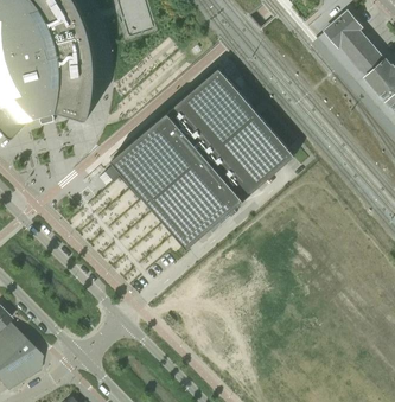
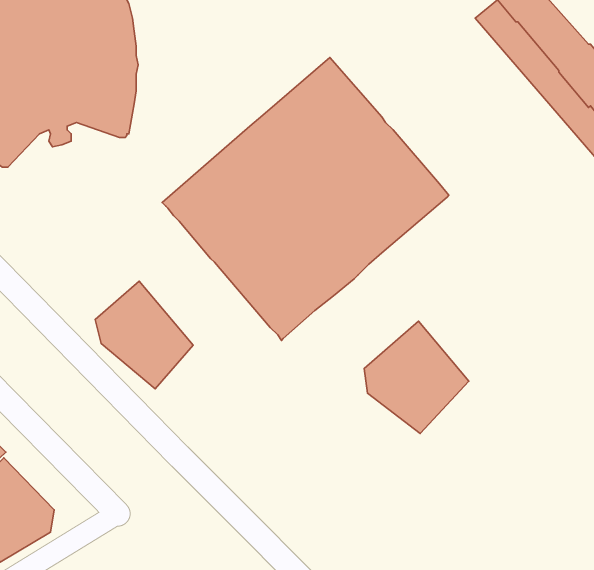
building: none -> [95,281,193,389]
building: none -> [364,321,469,433]

